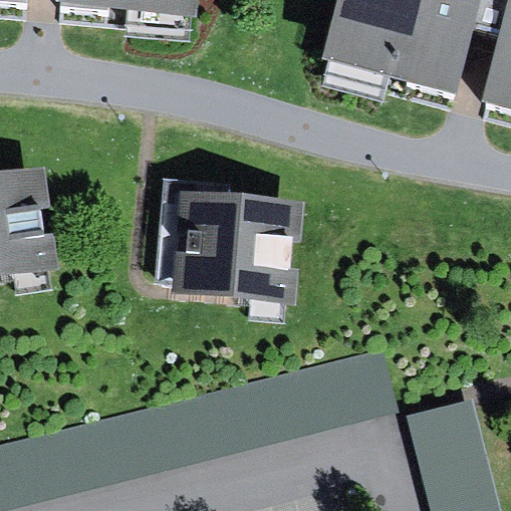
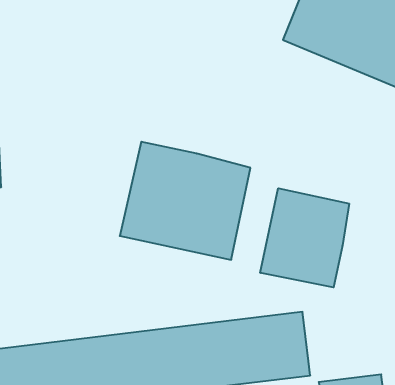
building: none -> [260,188,349,287]

